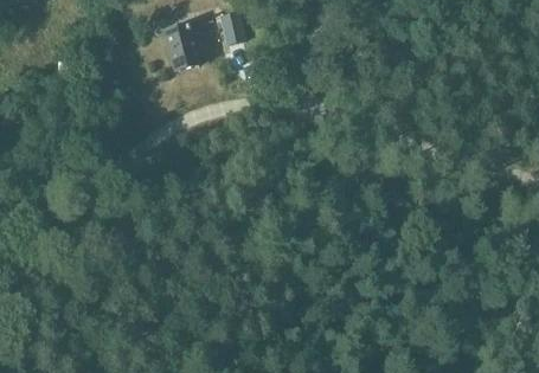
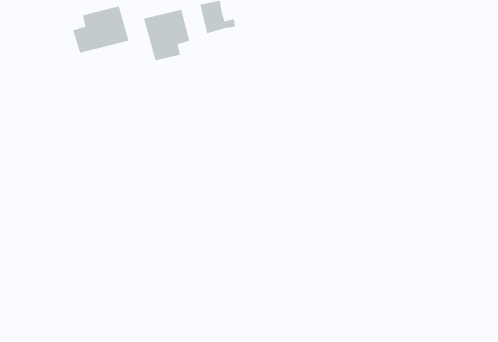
building: none -> [73,5,129,53]

